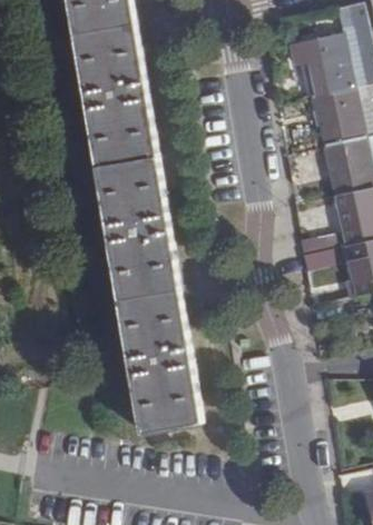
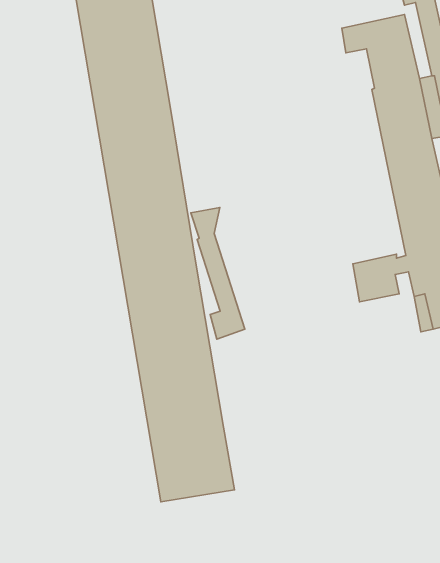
building: none -> [191,207,245,339]

